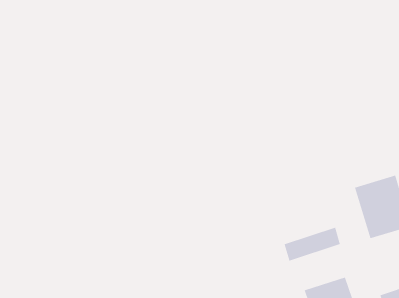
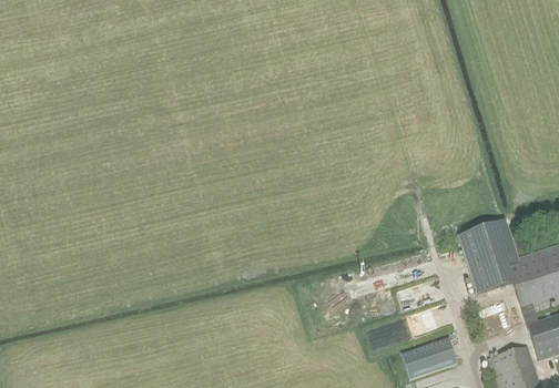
building: [284,227,341,261] -> none

